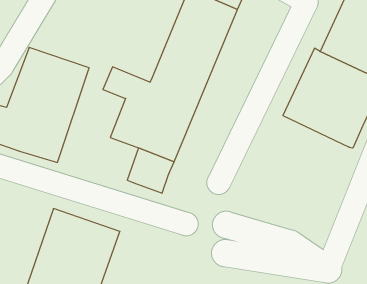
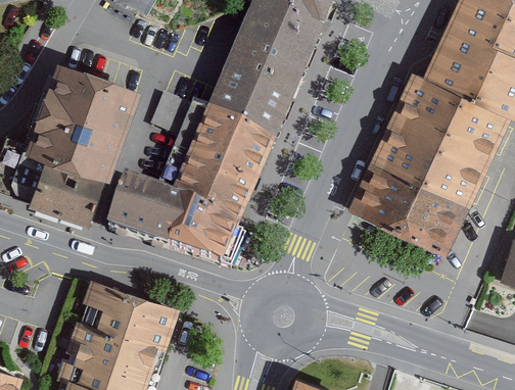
building: none -> [353,160,461,251]
building: none -> [111,177,195,242]

